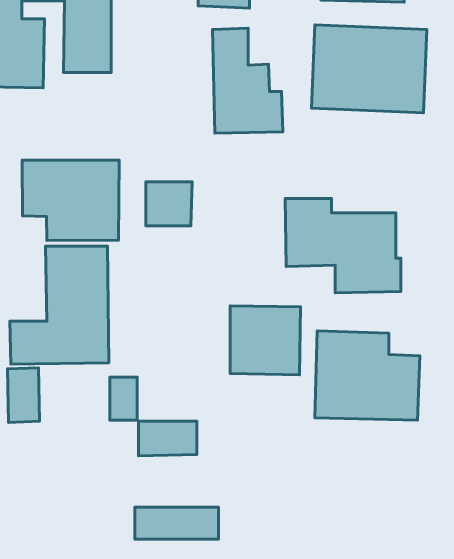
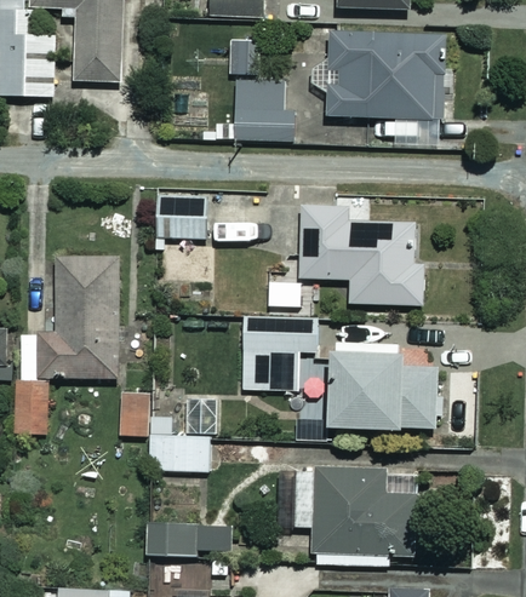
building: [22,160,119,241] -> none
building: none -> [274,470,419,564]

